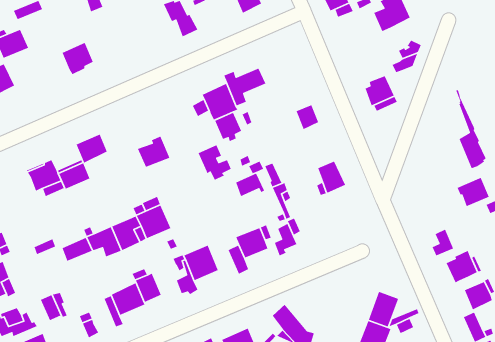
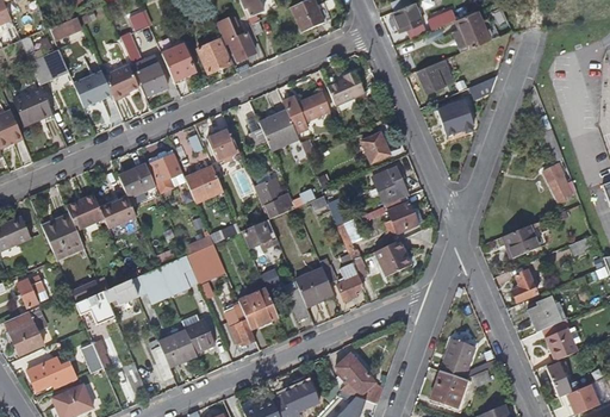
building: none -> [122,31,168,95]
building: none -> [198,39,230,71]
building: none -> [162,43,194,80]
building: none -> [418,57,449,93]
building: none -> [73,69,112,107]
building: none -> [326,69,365,105]
building: [214,112,242,142] -> [207,129,238,162]
building: none -> [150,155,185,192]
building: none -> [373,166,409,203]
building: [235,173,265,197] -> [244,218,278,245]
building: [457,177,490,207] -> [503,224,540,257]
building: none -> [42,213,83,257]
building: none -> [374,238,410,276]
building: none -> [76,291,114,323]

